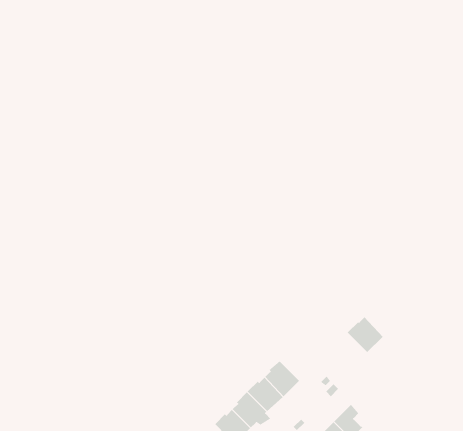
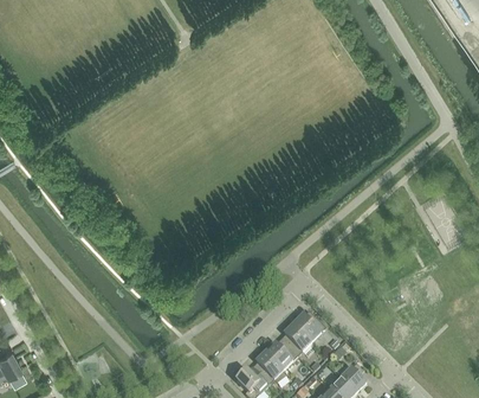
building: [347,316,384,353] -> [292,309,324,341]

